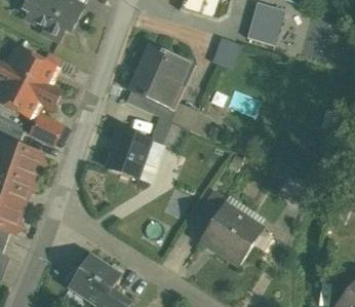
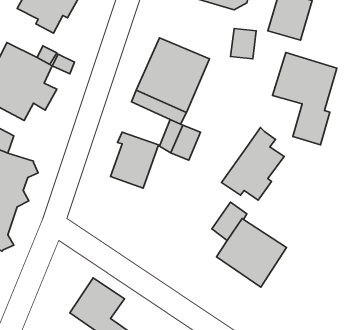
building: none -> [272,52,337,145]
building: [29,114,62,146] -> none
building: none -> [221,128,284,200]

